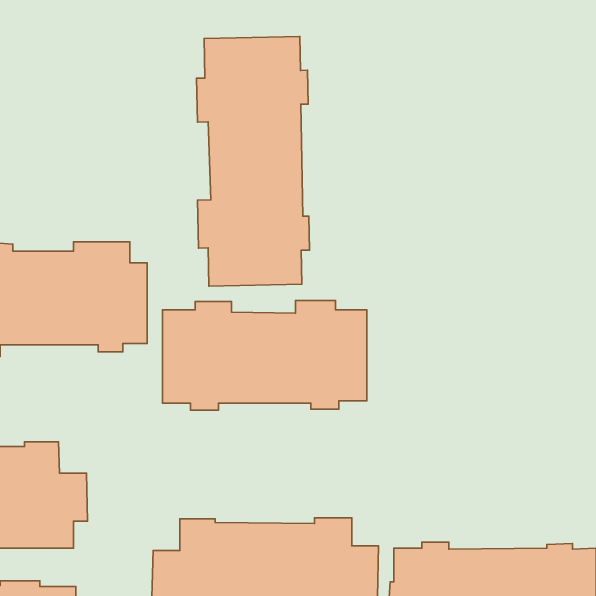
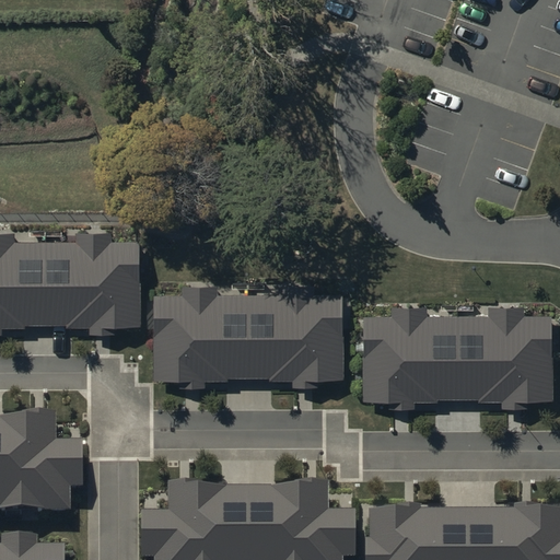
building: [197,36,310,286] -> none
building: none -> [362,305,550,406]

